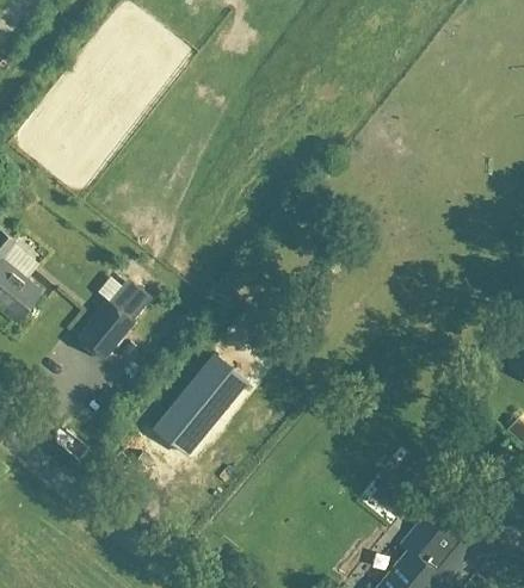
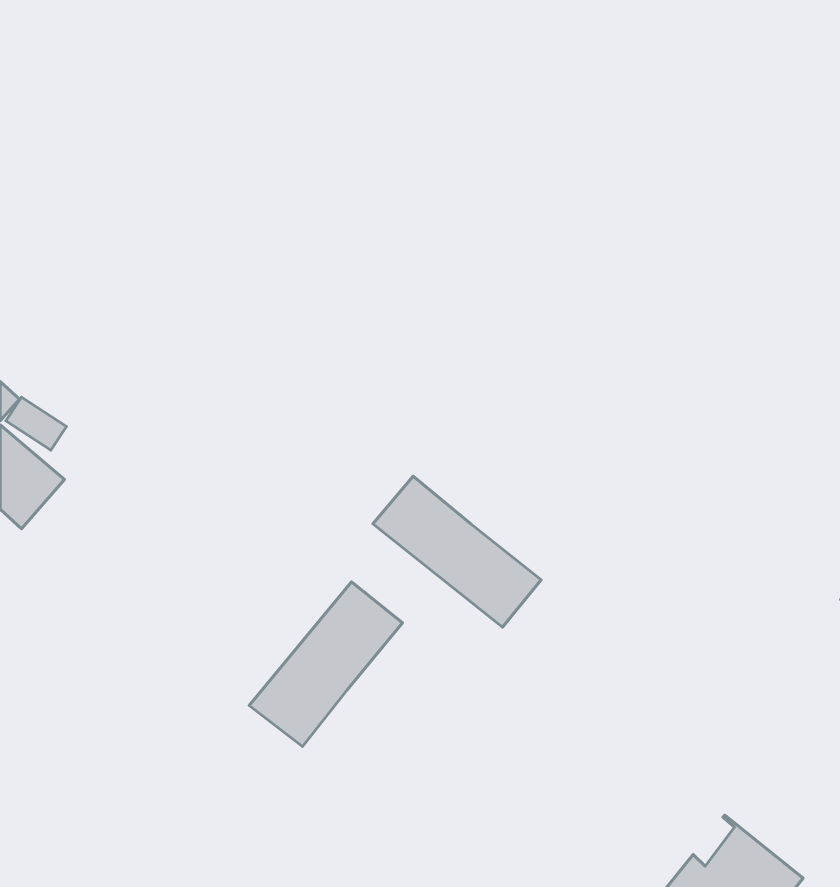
building: [74,286,144,361] -> none
building: none -> [373,476,541,627]

